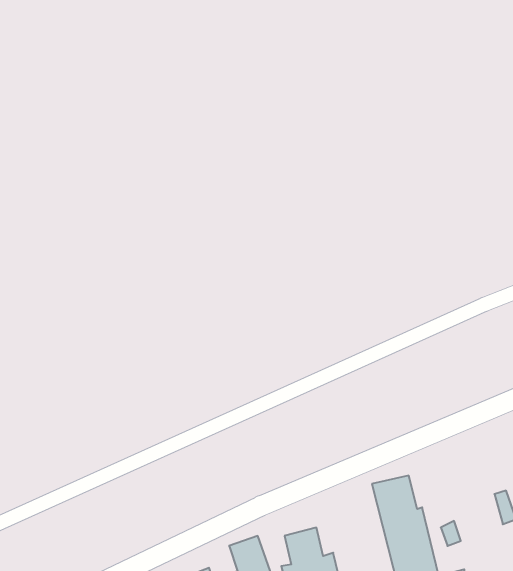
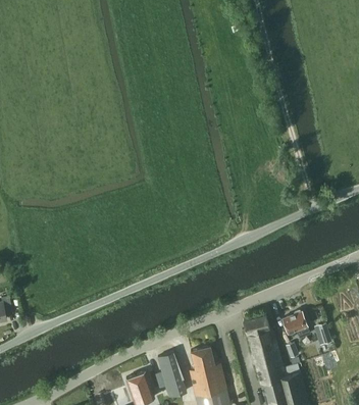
building: none -> [283,311,310,339]

